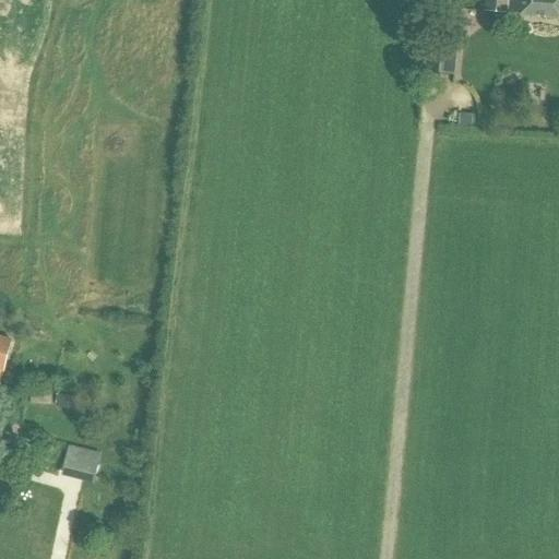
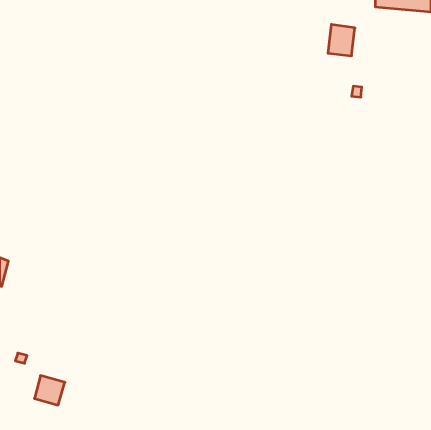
building: [61,443,100,481] -> [34,376,65,405]

